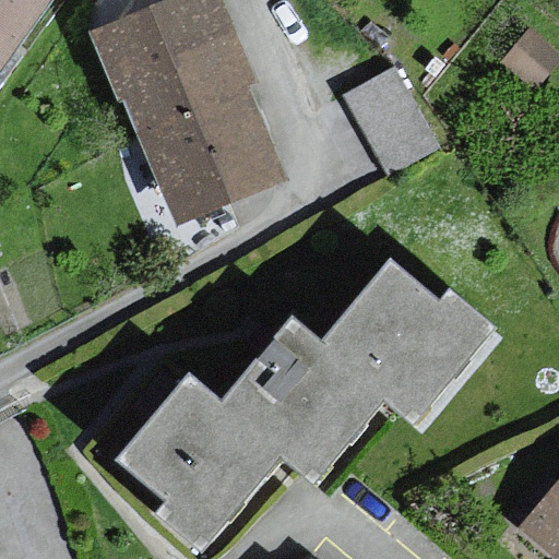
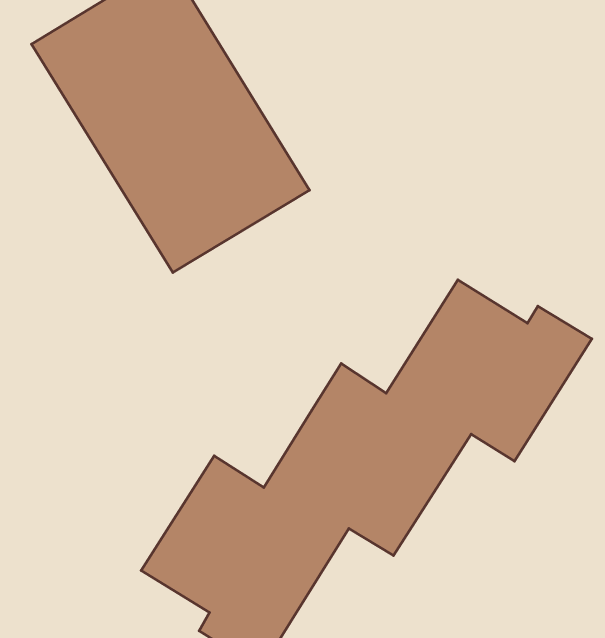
building: [338,69,435,175] -> none

